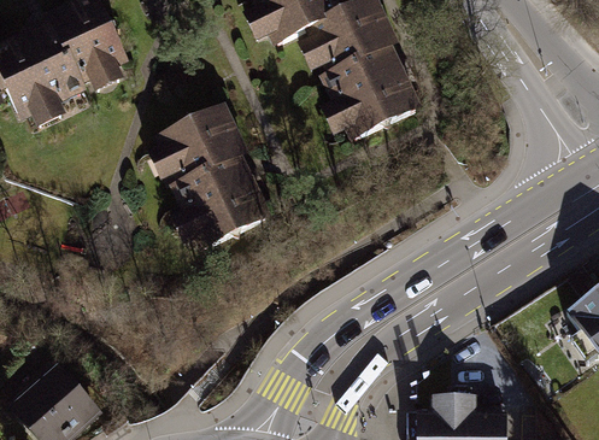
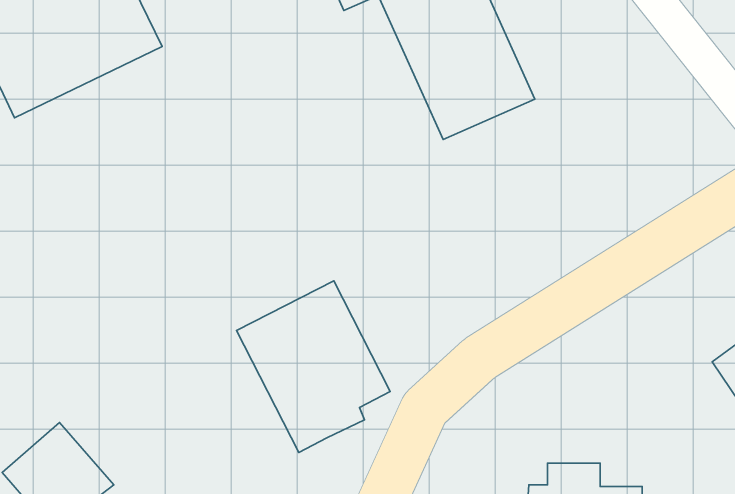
building: [145,107,266,246] -> none
building: none -> [237,281,390,452]

